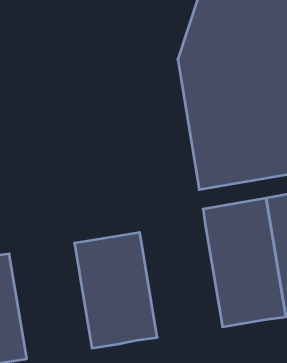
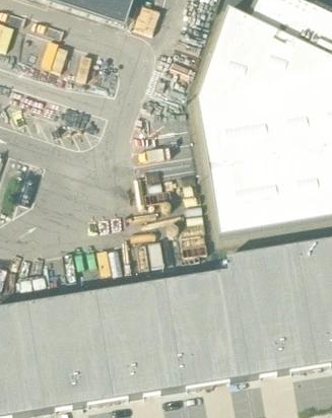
building: none -> [157,269,244,389]
building: none -> [21,290,108,411]

